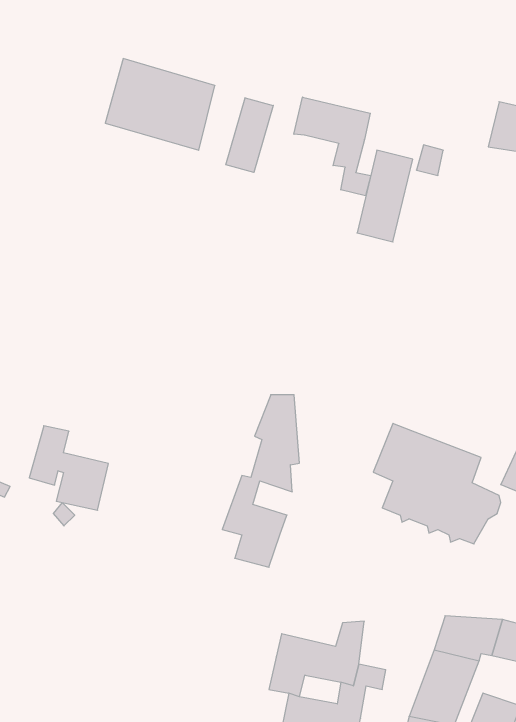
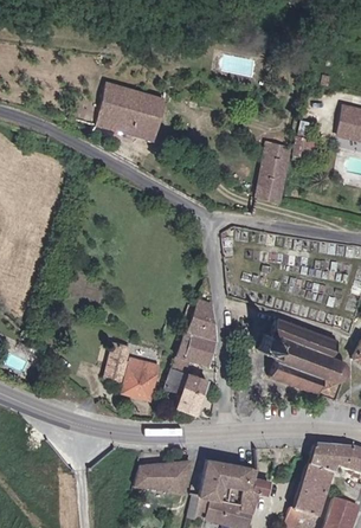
building: [294,97,371,196] -> none
building: [226,98,273,172] -> none
building: [29,426,108,510] -> [107,343,159,399]
building: none -> [131,462,191,495]

